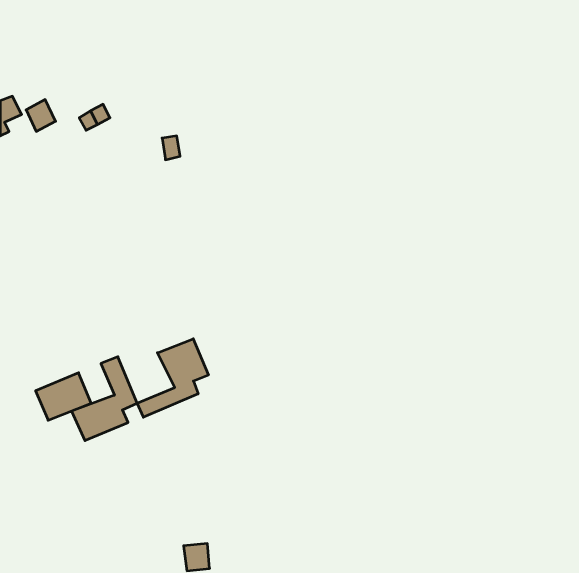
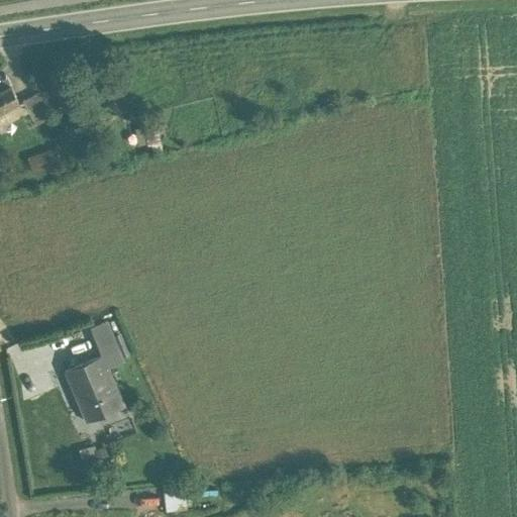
building: [137,339,208,417] -> none
building: [36,373,91,420] -> [76,382,125,424]

